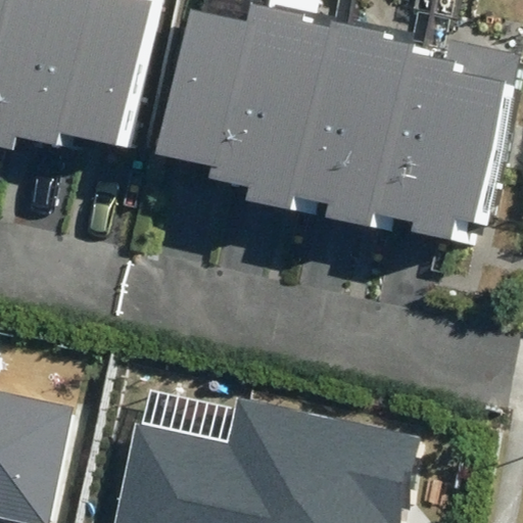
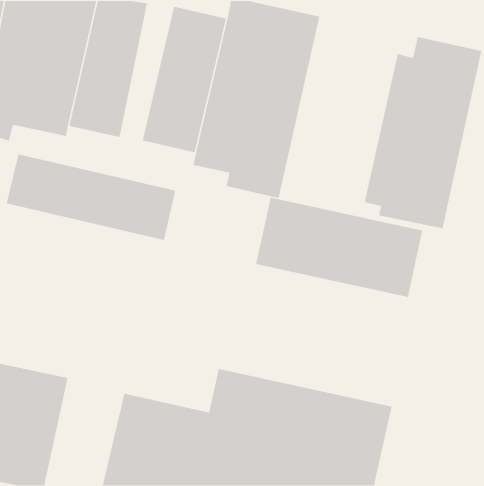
building: [302,17,431,231] -> none
building: none -> [6,153,176,241]
building: none -> [255,197,423,298]

